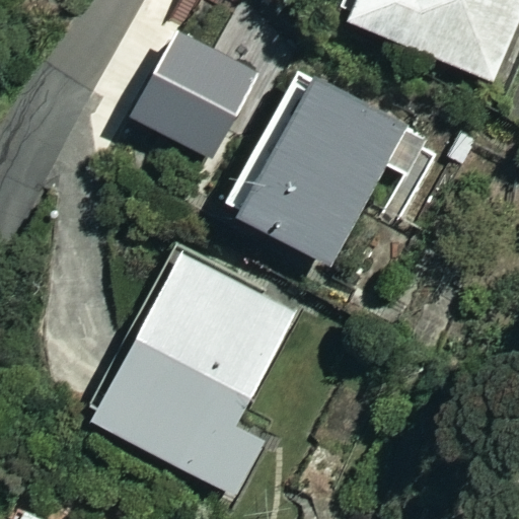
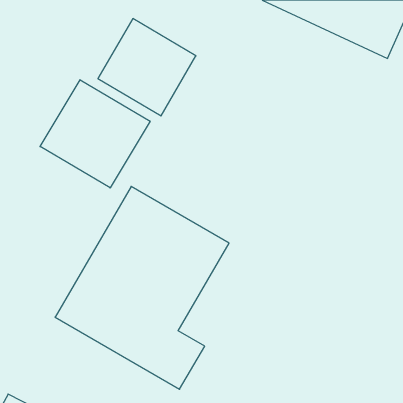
building: [217,61,405,262] -> none
building: none -> [40,80,150,188]

